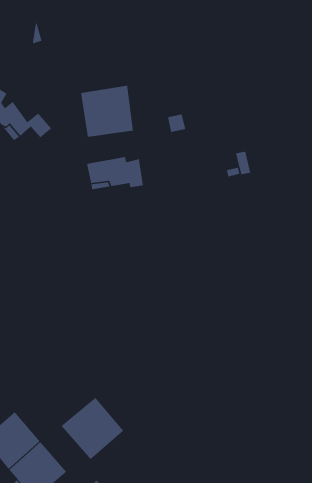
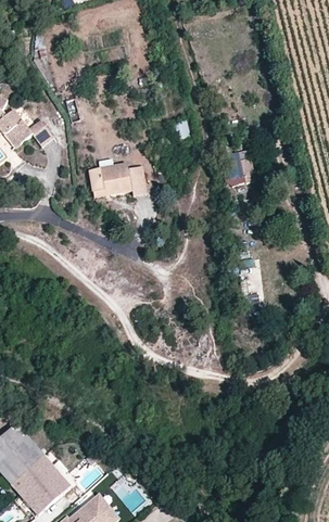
building: [80,85,134,138] -> none
building: [61,397,124,460] -> none

